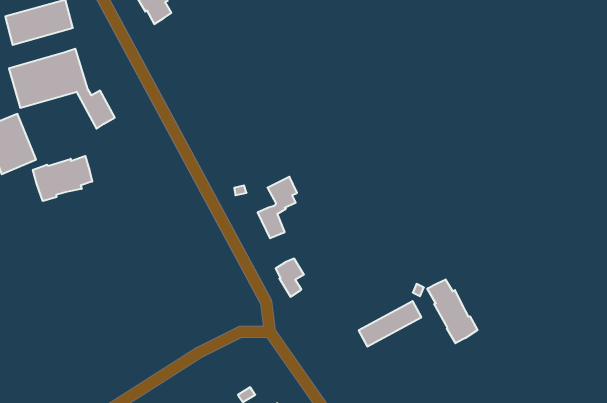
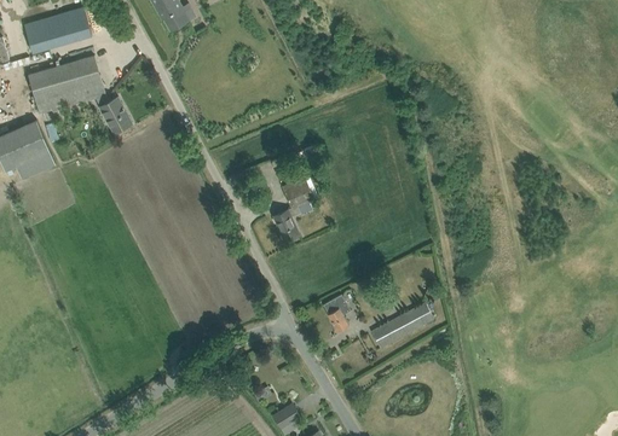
building: [33,156,92,201] -> none
building: [276,259,304,297] -> [323,293,351,331]
building: [427,279,477,343] -> none

